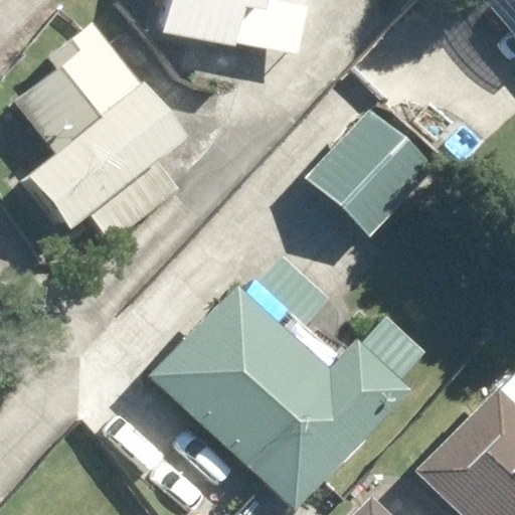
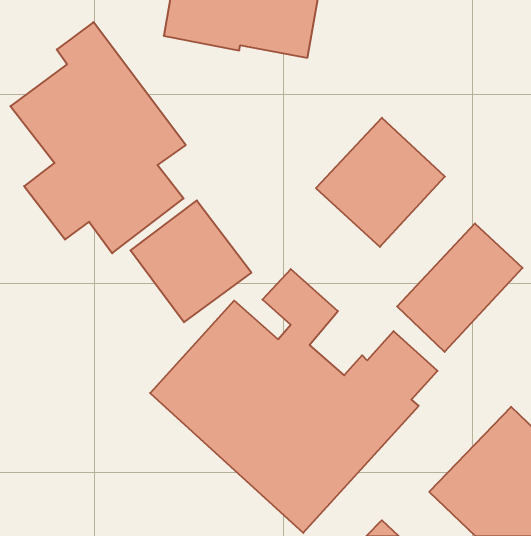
building: none -> [130,200,251,322]
building: none -> [397,223,523,352]

